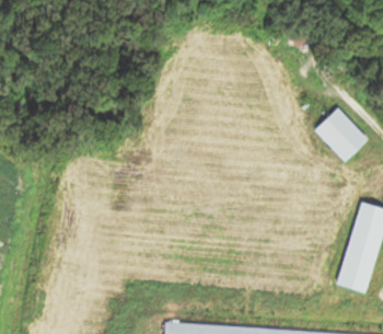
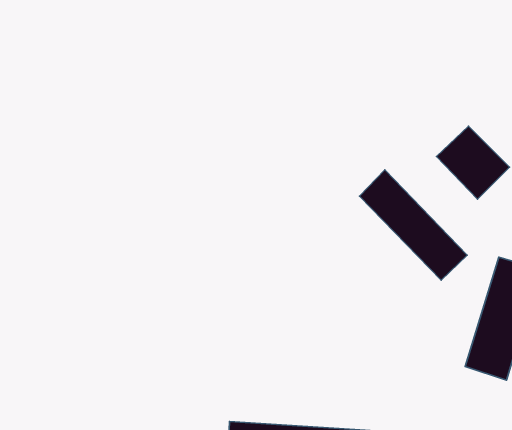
building: none -> [359,170,467,280]

